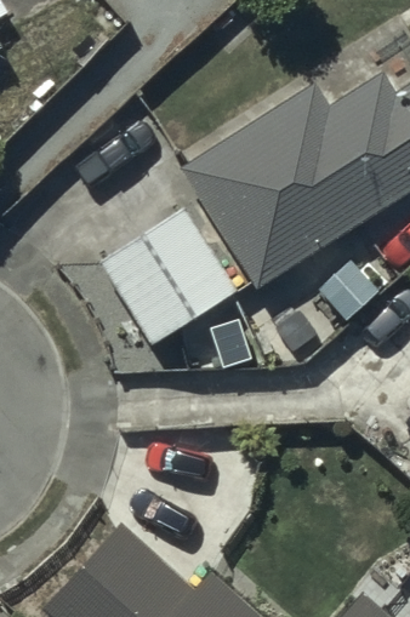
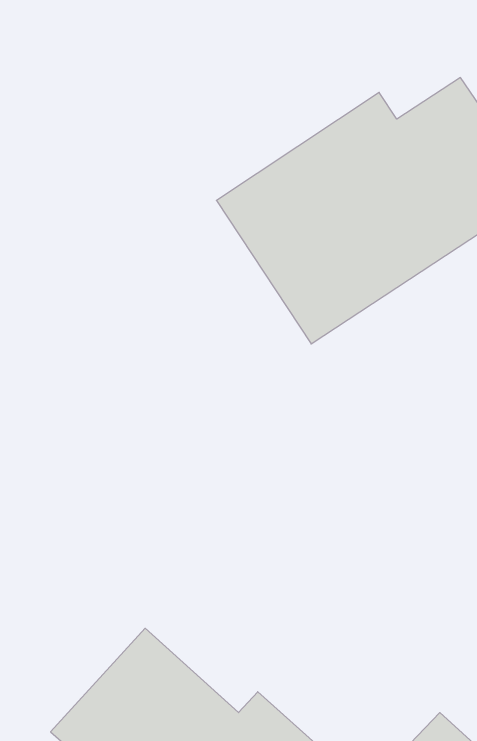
building: [101,210,237,344] -> none

